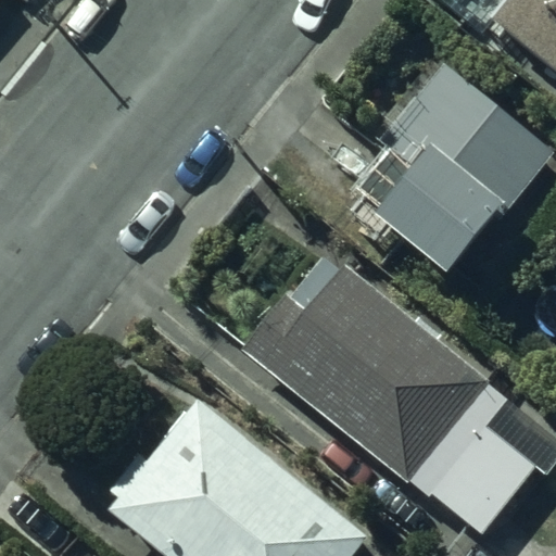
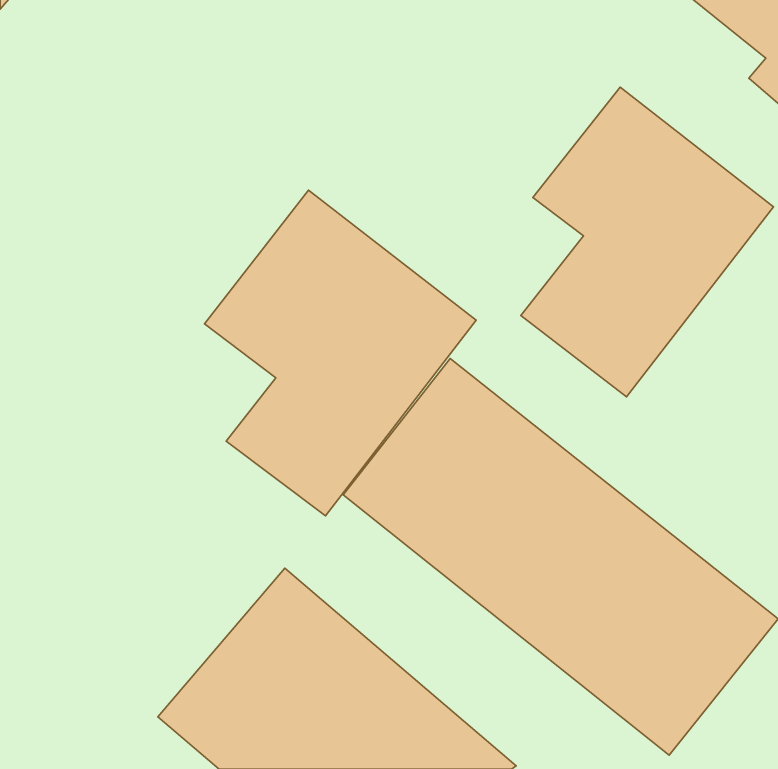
building: none -> [204,190,476,516]

